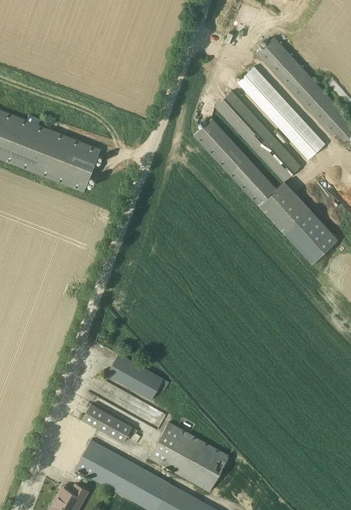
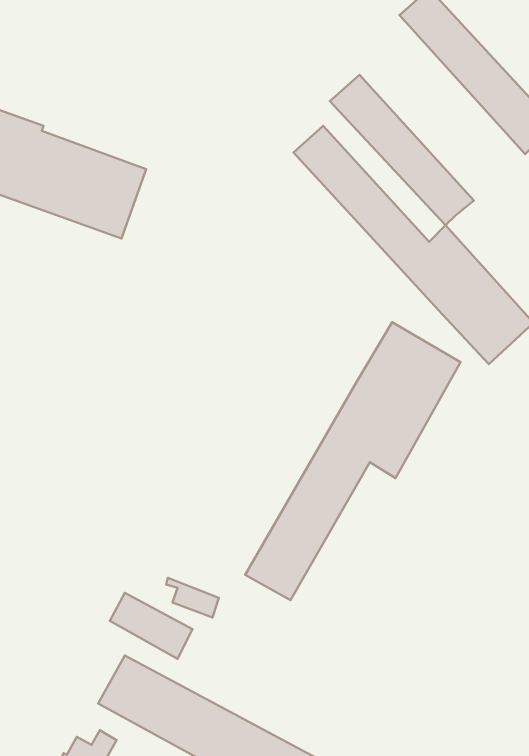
building: [237,67,326,160] -> none
building: none -> [245,322,460,600]
building: [107,355,164,401] -> none
building: [149,422,229,492] -> none

